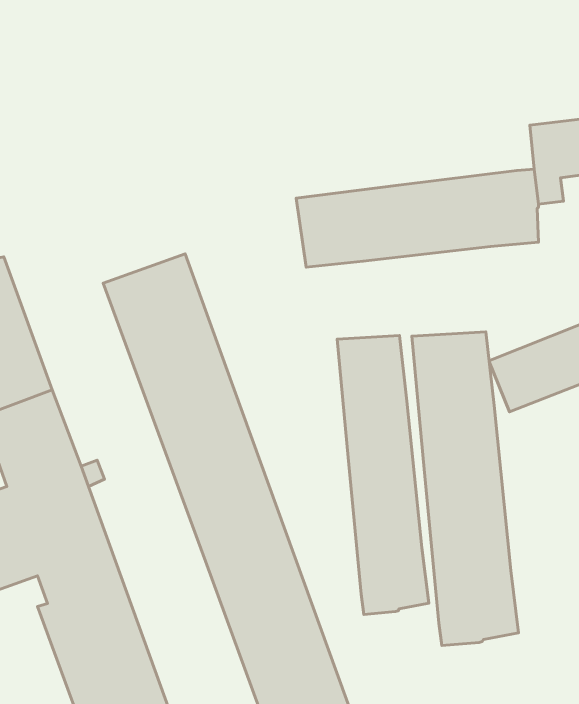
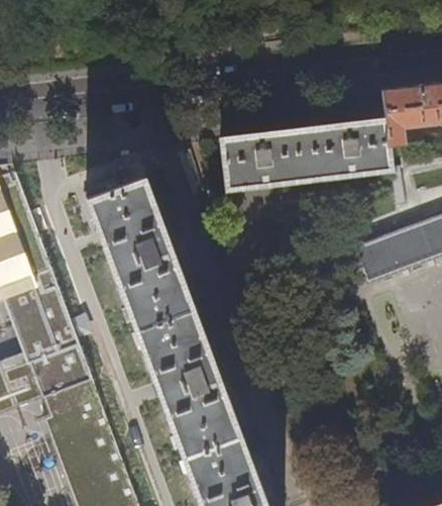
building: [412,332,519,646] -> none
building: [337,336,429,614] -> none

